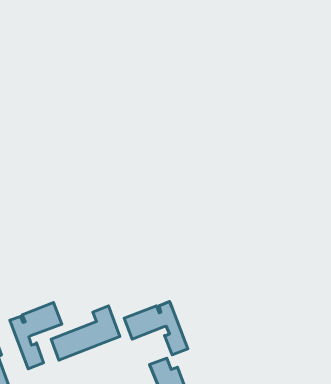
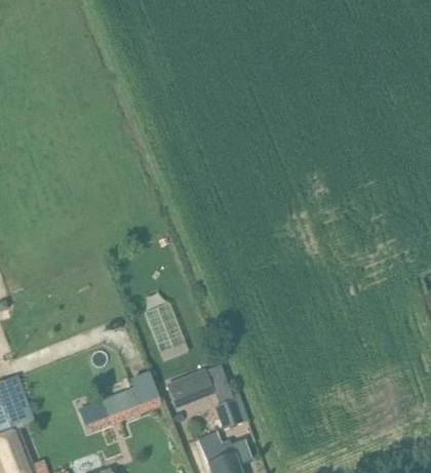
building: [10,303,62,369] -> none

